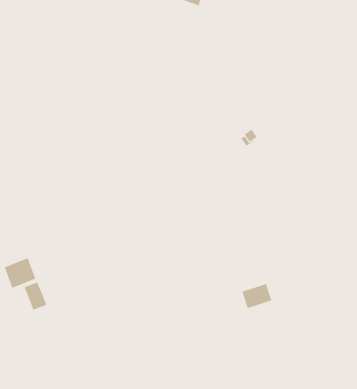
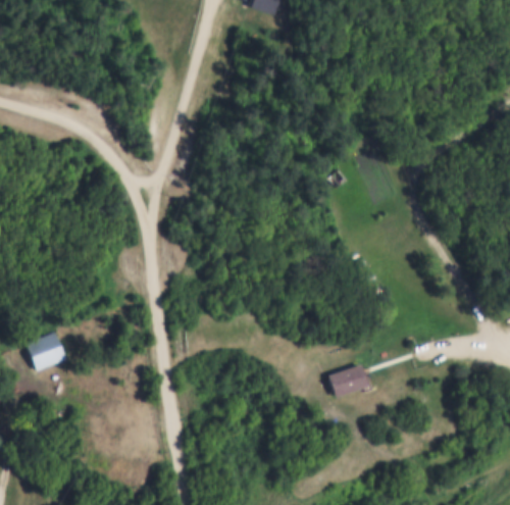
building: [24,281,47,310] -> none

